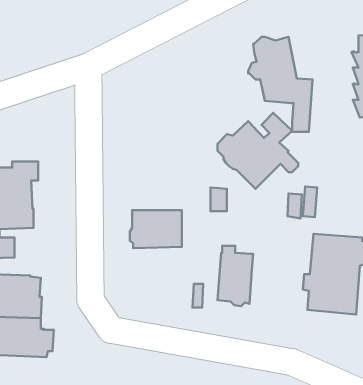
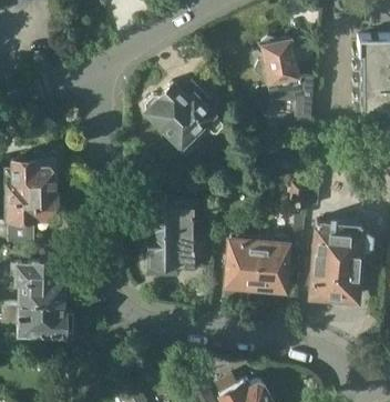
building: [217,113,298,189] -> [146,76,222,147]
building: none -> [145,235,194,275]
building: none -> [257,235,288,292]

